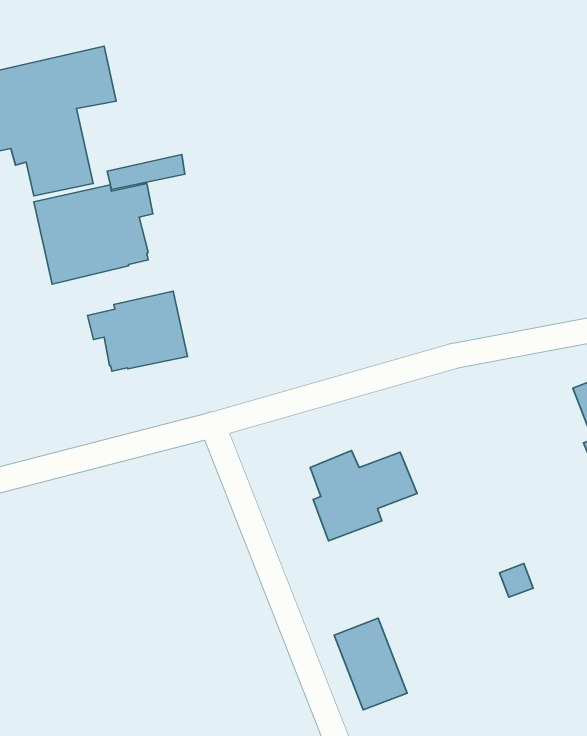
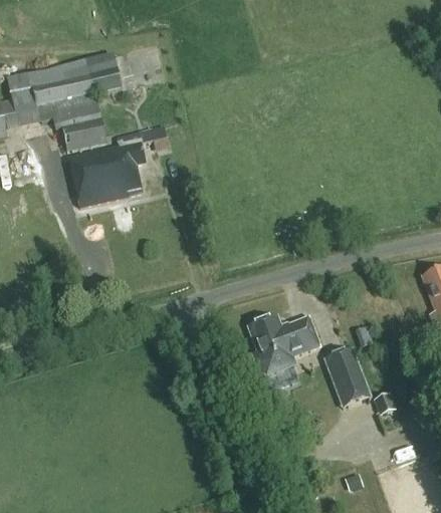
building: [88,291,188,371] -> none
building: [334,618,407,710] -> [322,346,371,407]

